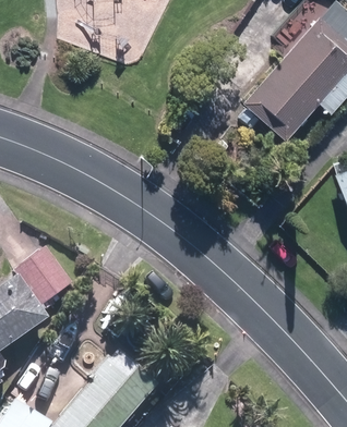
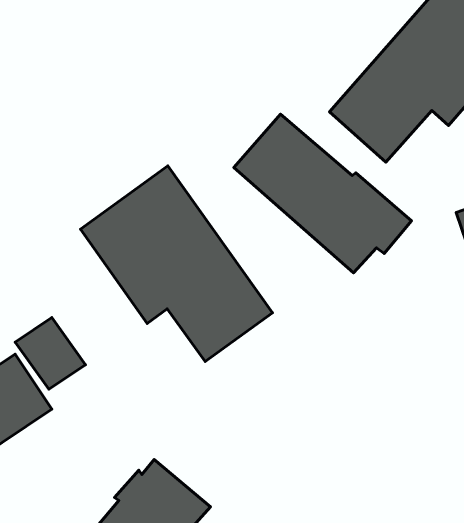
building: none -> [234,114,411,273]
building: none -> [80,166,272,362]

